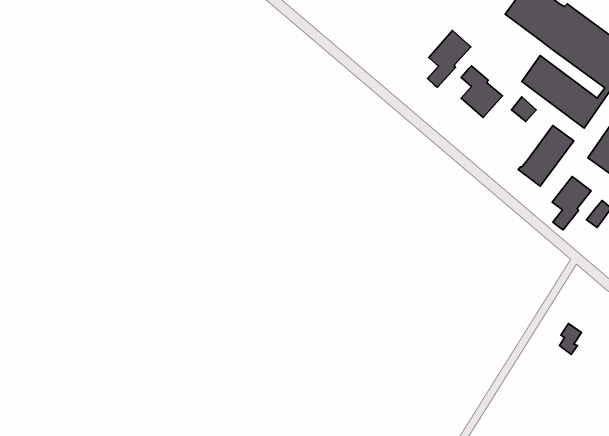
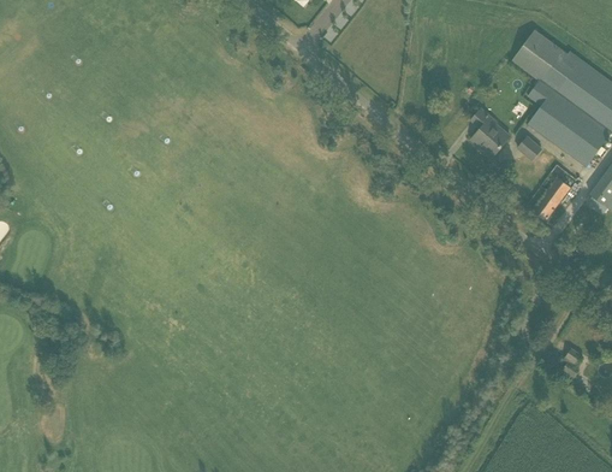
building: [427,31,471,87] -> none
building: [552,176,591,230] -> none

